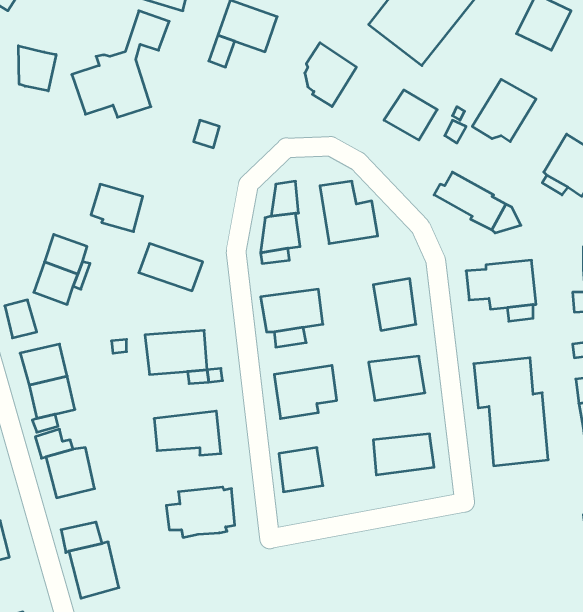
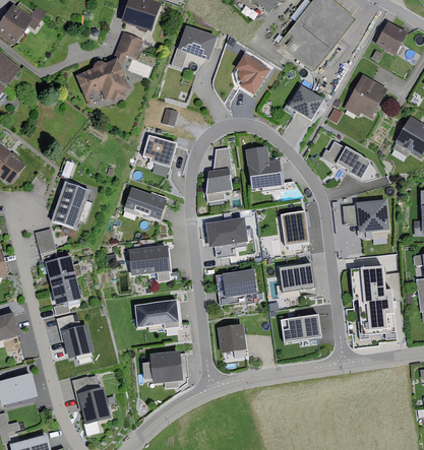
building: [18,46,56,91] -> none
building: [91,184,143,232] -> [142,135,177,167]

